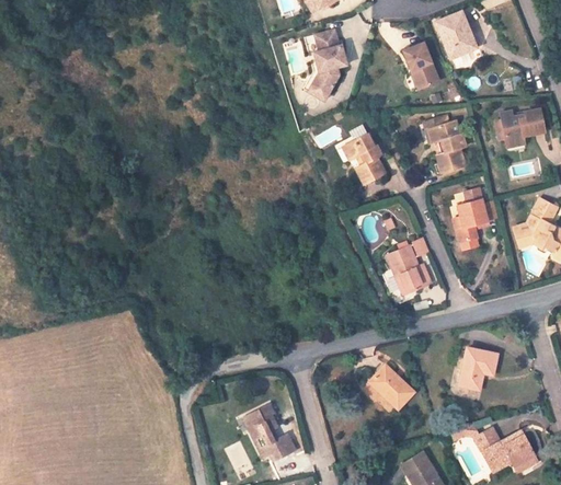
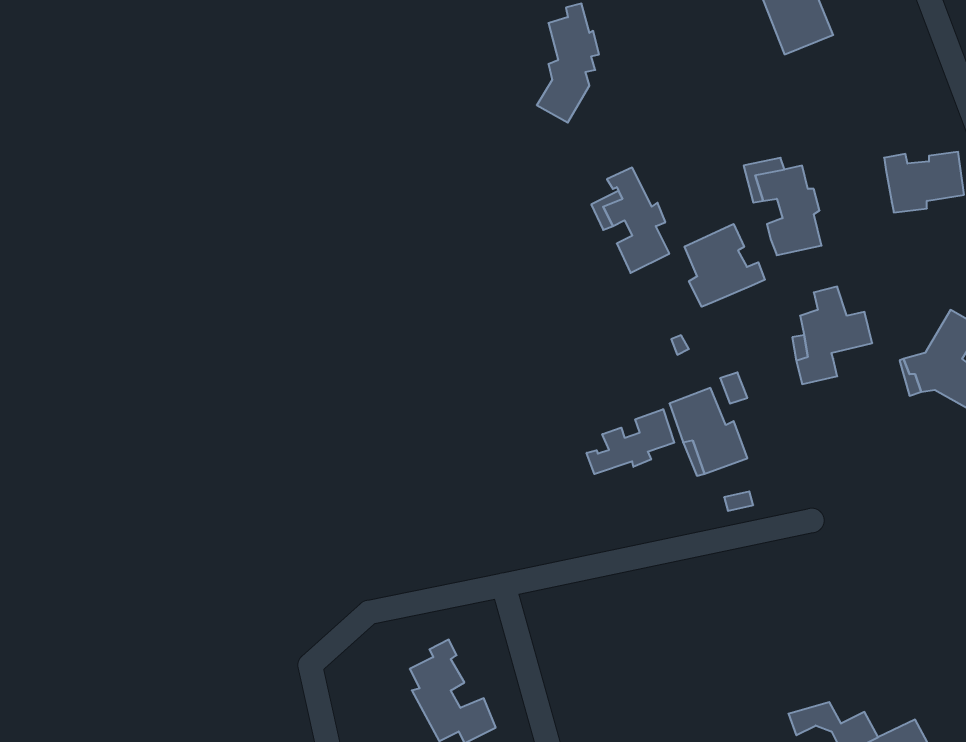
building: [403,44,439,92] -> none
building: none -> [685,224,765,307]
building: none -> [587,409,674,474]
building: [456,347,494,389] -> none
building: [367,362,412,405] -> none

